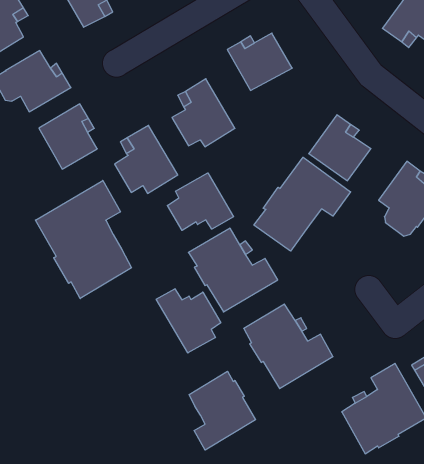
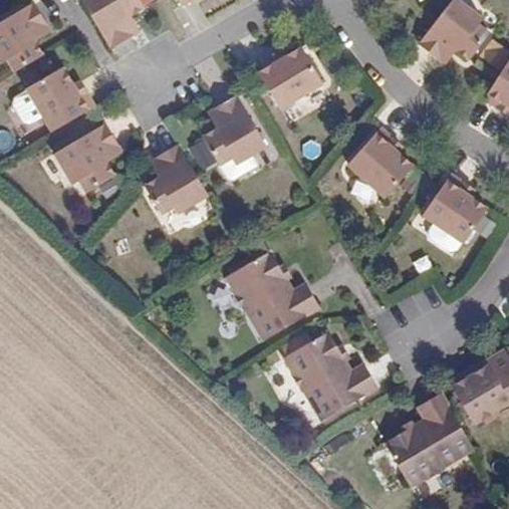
building: [254,157,351,251] -> none
building: [167,173,234,230] -> none
building: [35,180,131,299] -> none
building: [156,289,221,353] -> none
building: [189,371,256,450] -> none

